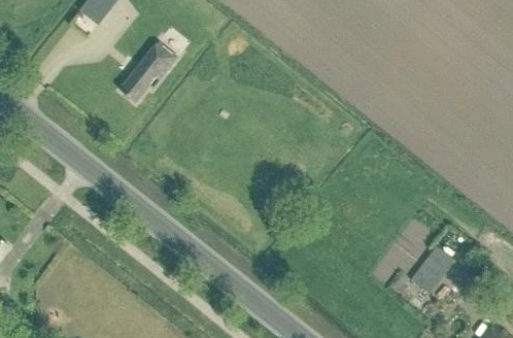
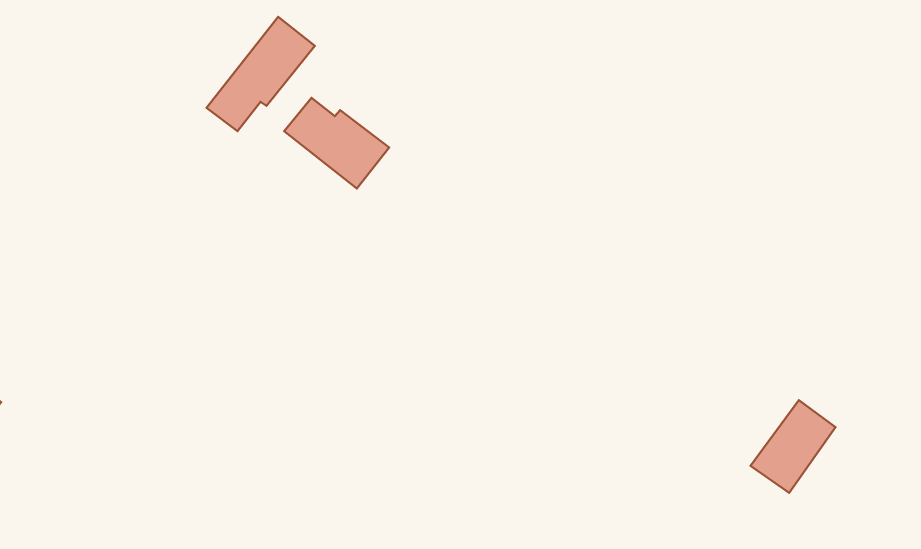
building: none -> [284,98,389,189]

